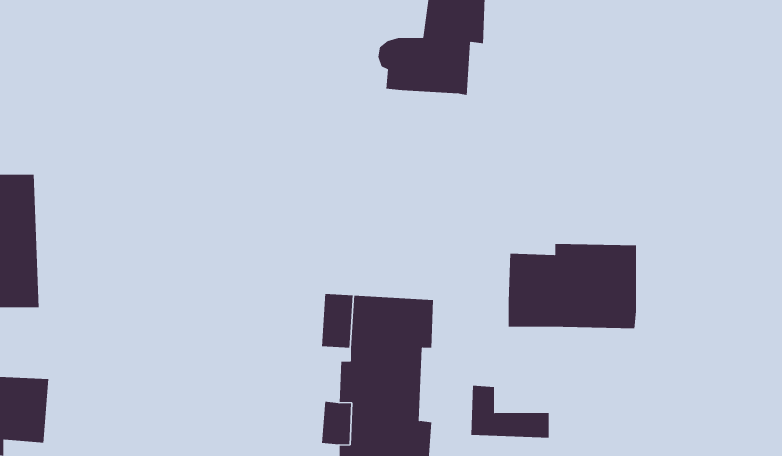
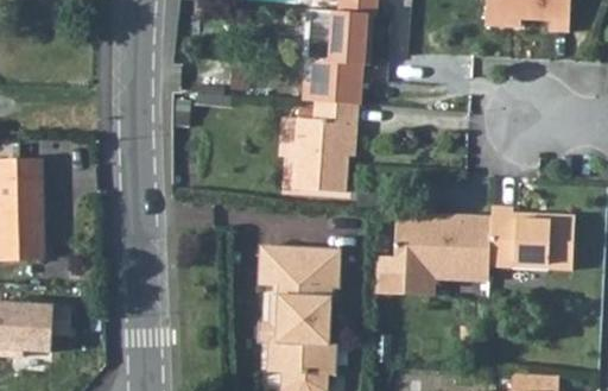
building: none -> [291,99,354,188]
building: none -> [486,201,569,264]
building: [471,385,549,438] -> [373,253,431,292]

